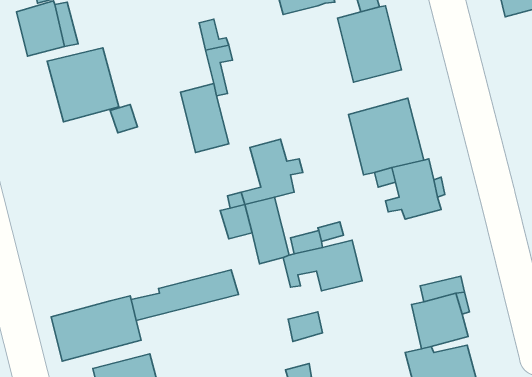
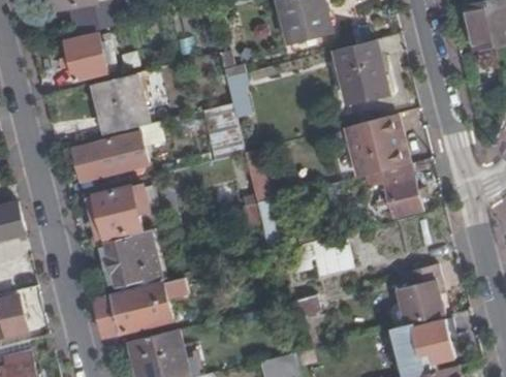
building: none -> [70,132,149,184]
building: none -> [92,184,149,238]
building: none -> [103,231,161,285]

